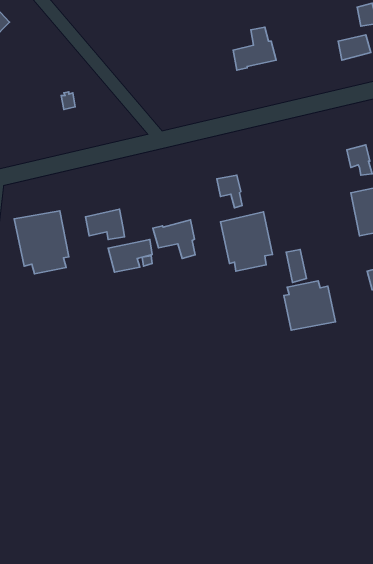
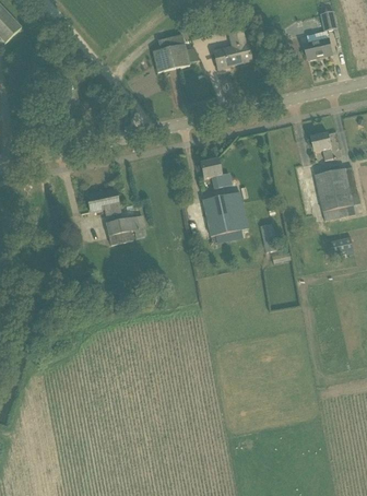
building: none -> [152,43,188,71]
building: [14,211,69,274] -> none
building: [153,220,195,259] -> none
building: [284,281,336,330] -> none

